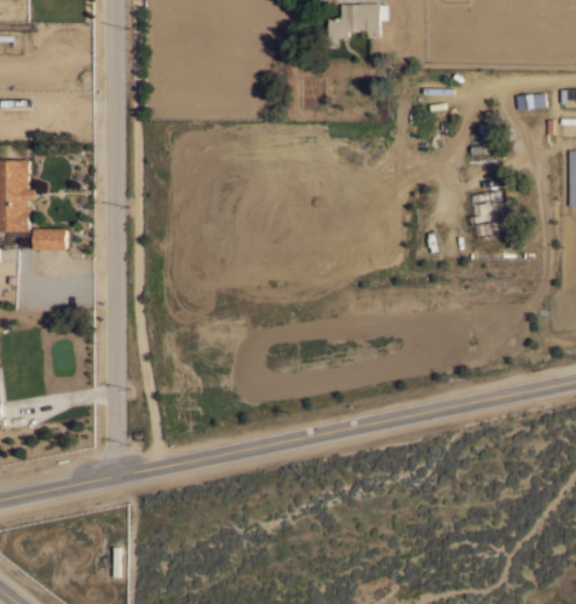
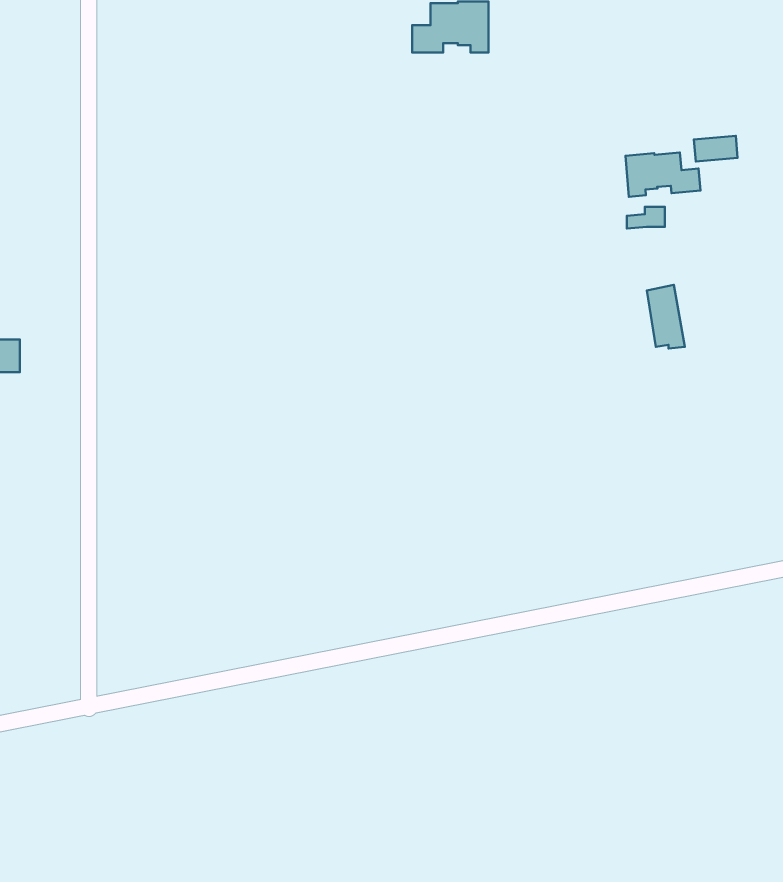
building: none -> [625,152,700,197]

